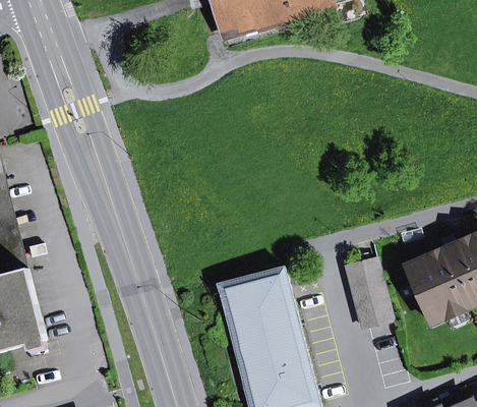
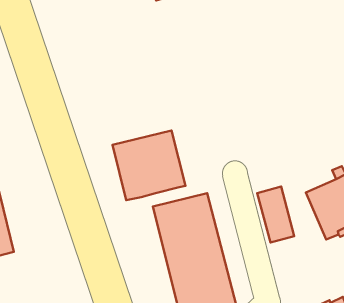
building: none -> [112,131,185,200]

